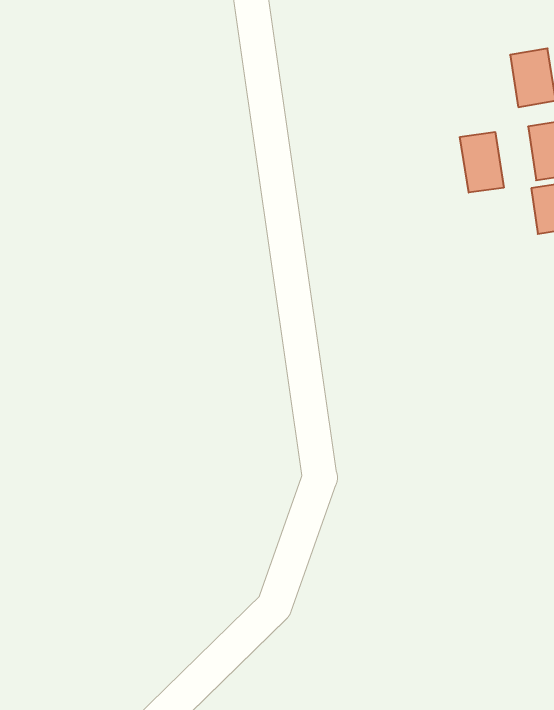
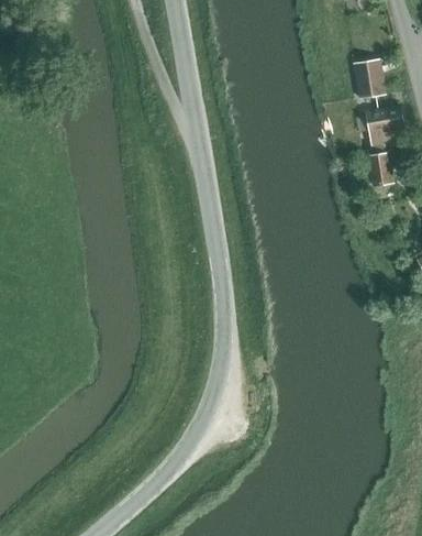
building: [460,132,504,193] -> none

